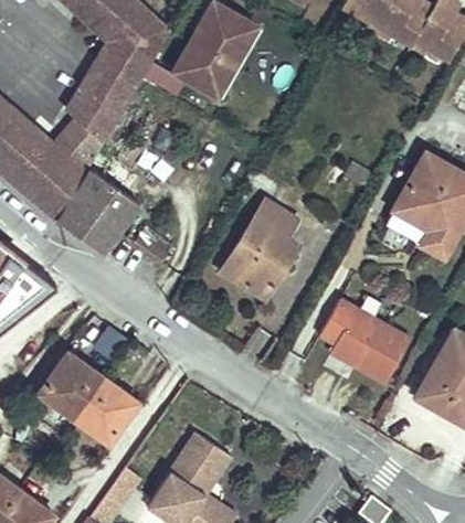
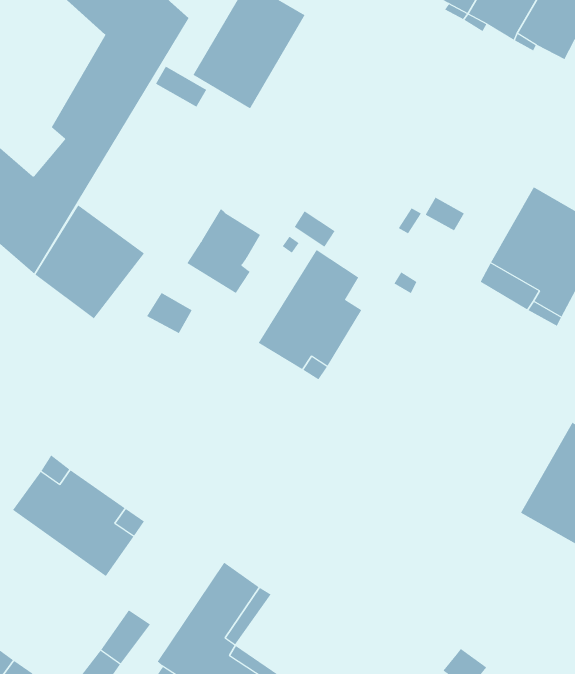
building: none -> [187,208,261,294]
building: [319,299,410,383] -> none

